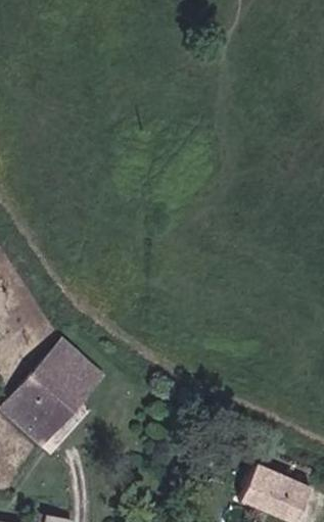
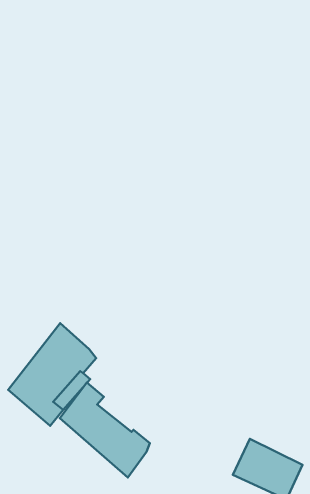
building: none -> [60,383,150,477]

